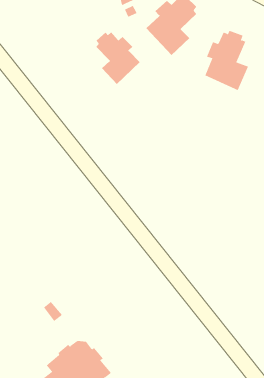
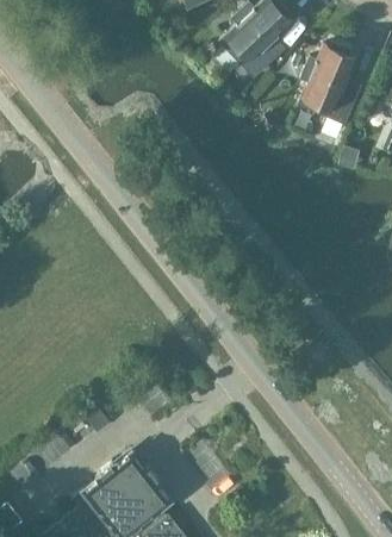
building: [96,31,140,85] -> none

